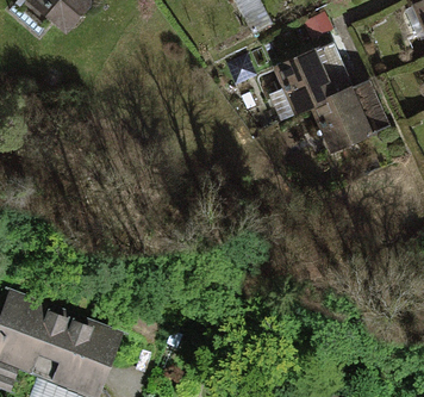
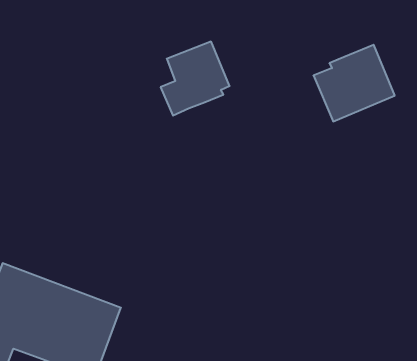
building: [264,48,331,119] -> [161,42,230,116]

